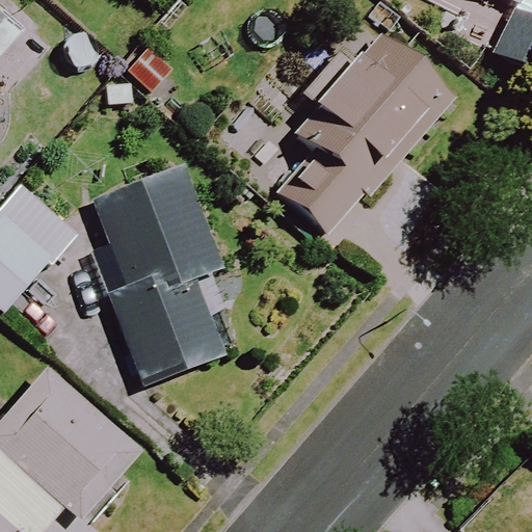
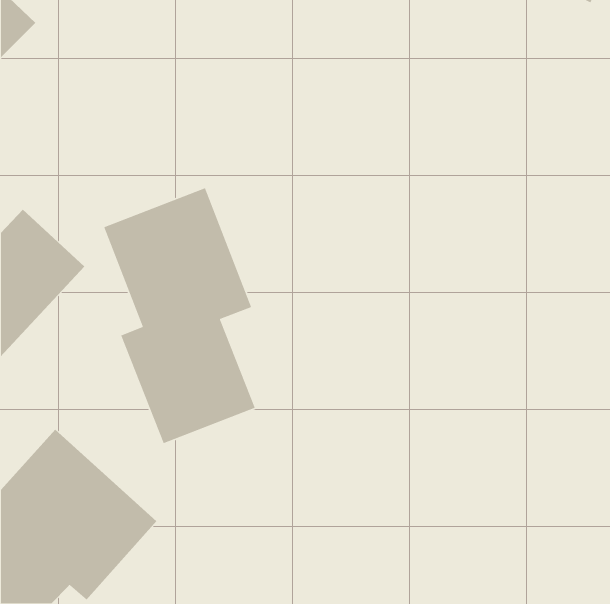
building: [281,38,449,238] -> none

